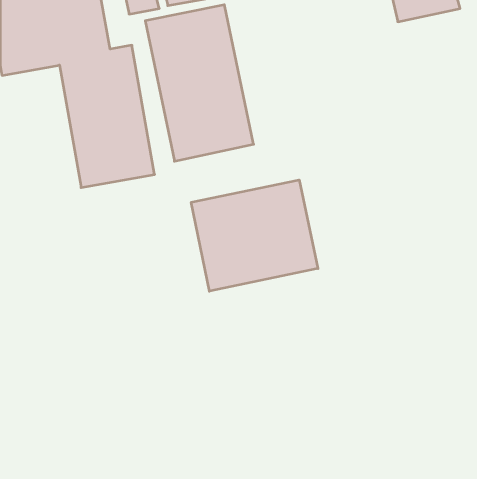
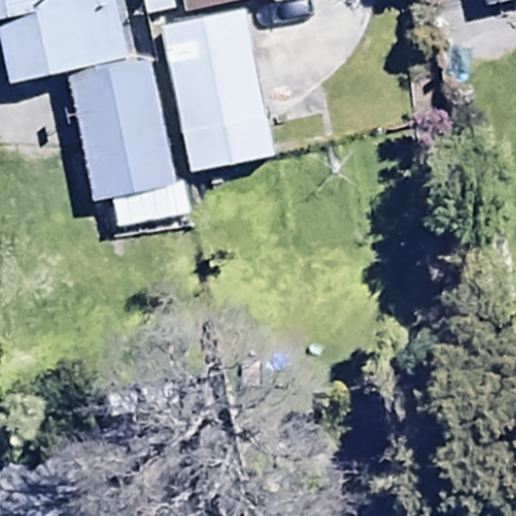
building: [191,180,318,291] -> none

